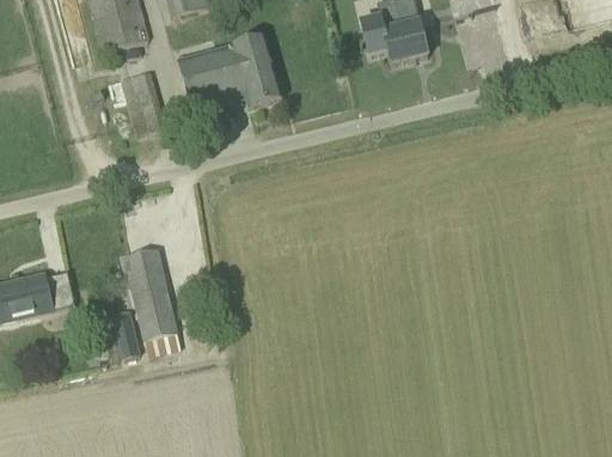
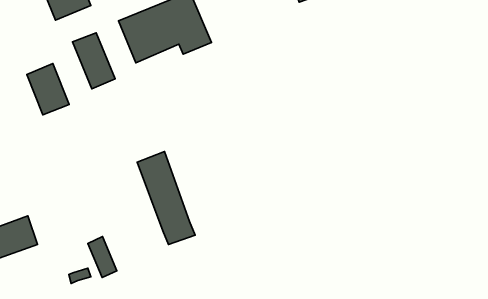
building: none -> [27,64,69,115]
building: [123,246,180,355] -> [137,152,195,245]

